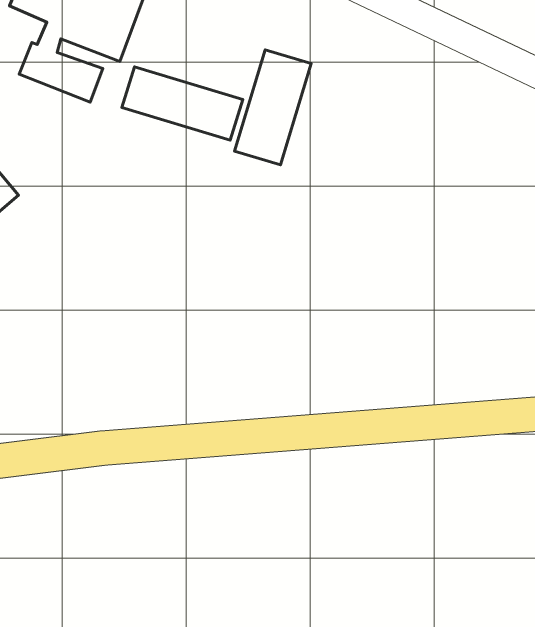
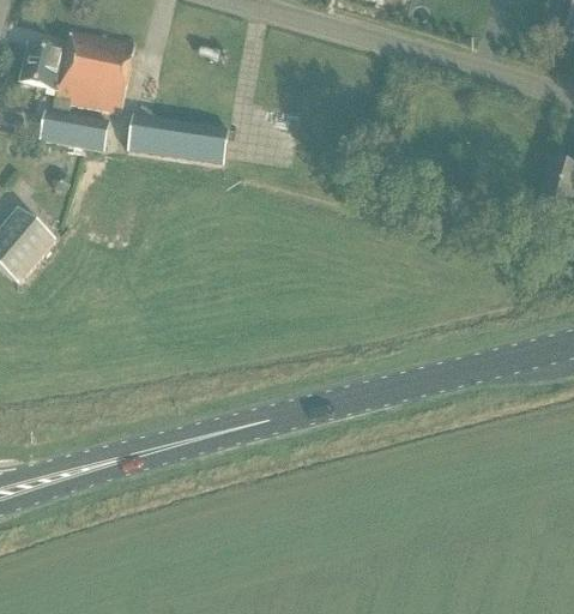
building: [235,50,311,165] -> none

